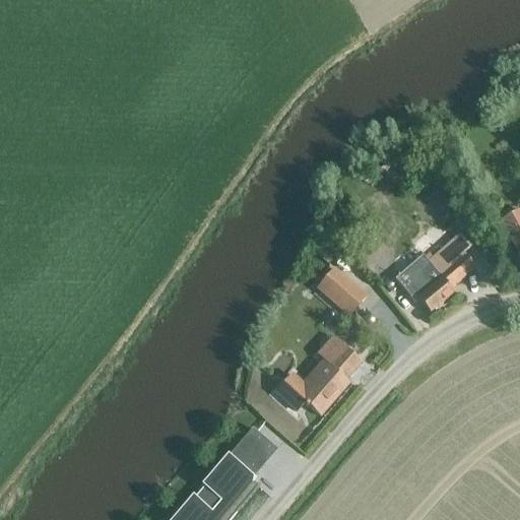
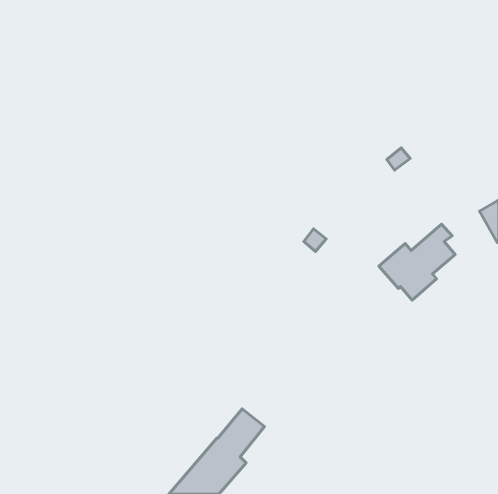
building: [319,267,366,312] -> none
building: [277,341,359,413] -> none

